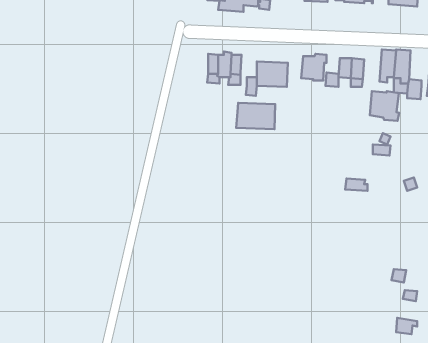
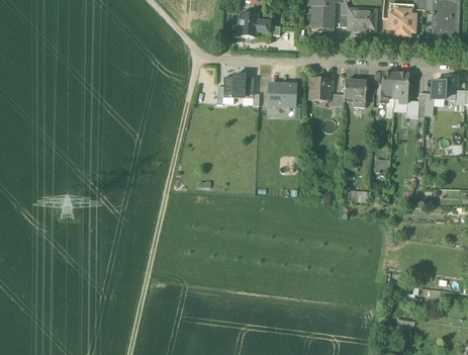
building: [370,91,399,121] -> none
building: [236,103,275,129] -> none

